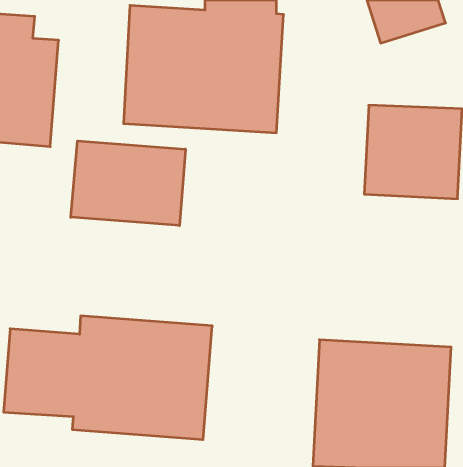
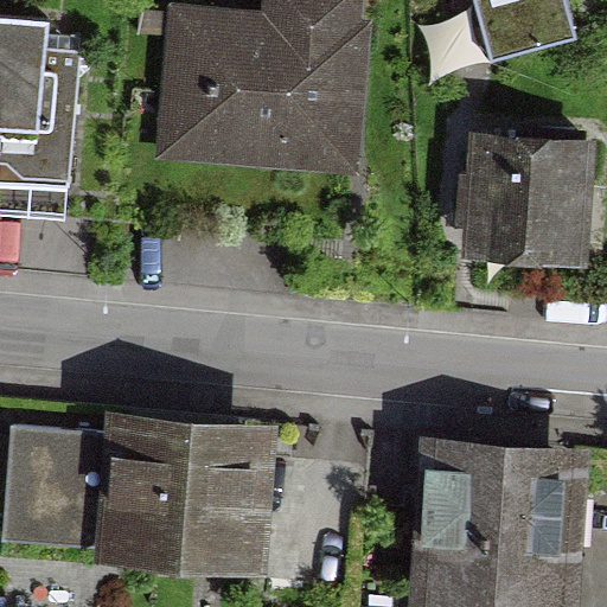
building: [71,141,185,226] -> none

